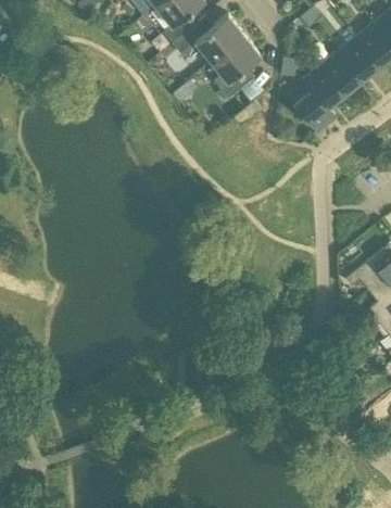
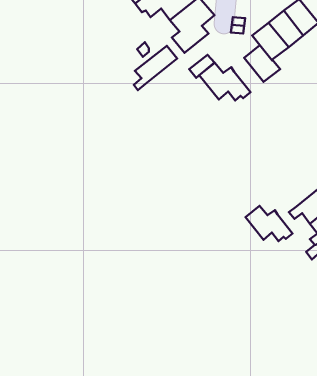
building: none -> [134,46,177,90]
building: none -> [199,63,251,101]
building: none -> [245,206,293,241]

